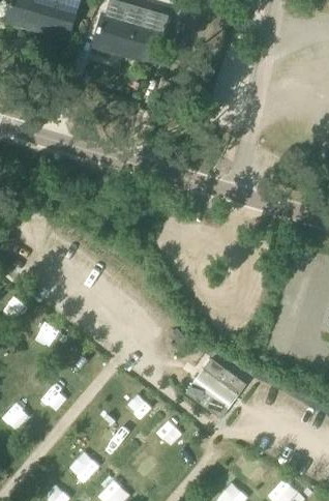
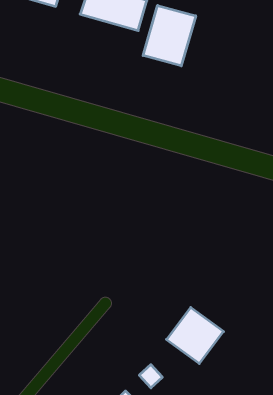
building: none -> [143,5,196,66]

